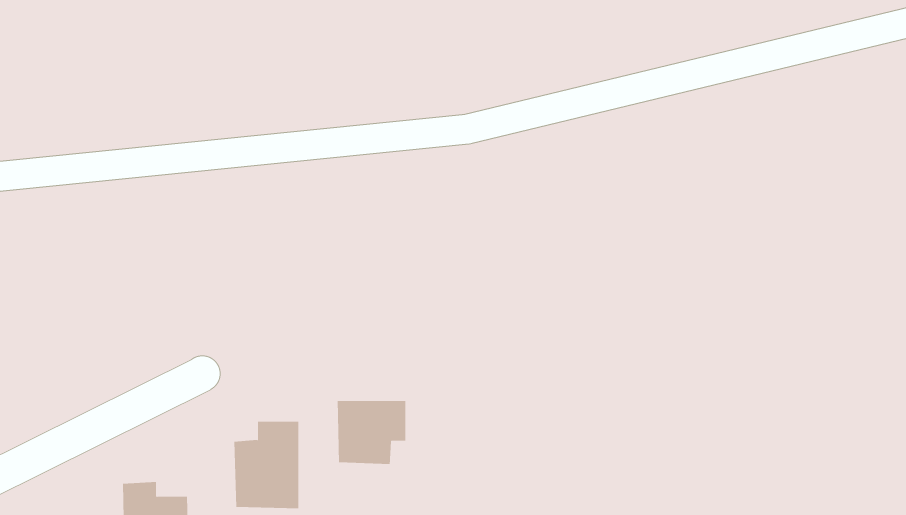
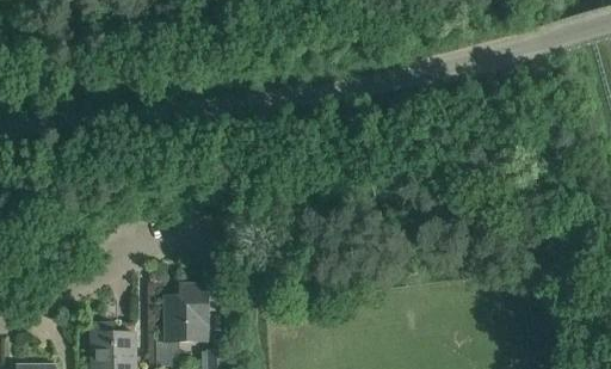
building: [337,400,406,465] -> none

